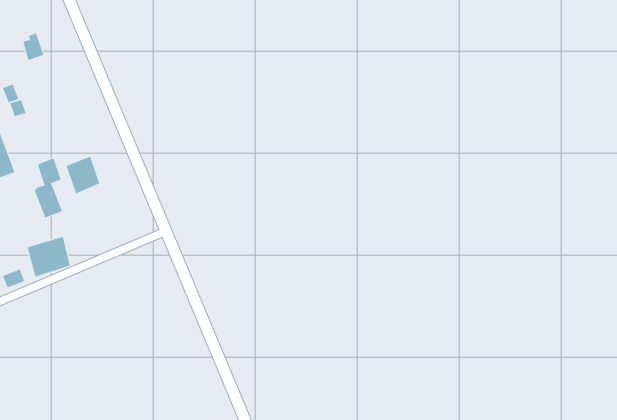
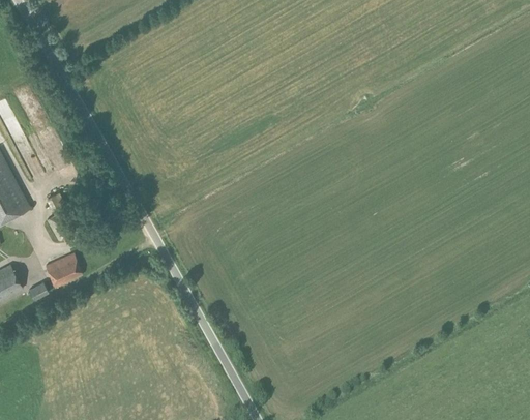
building: [66,156,100,194] -> none

